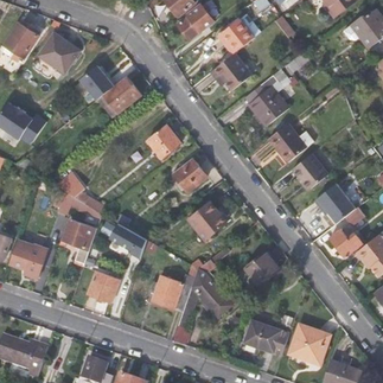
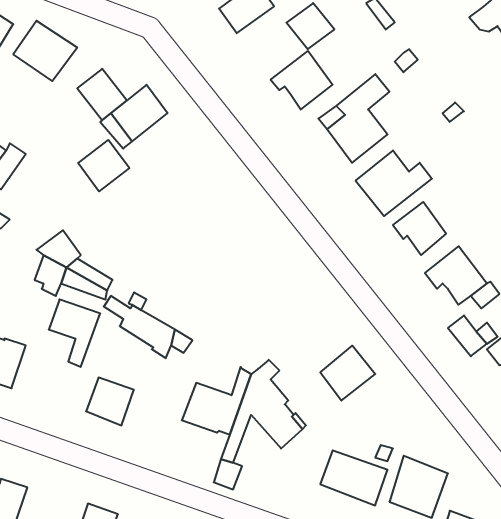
building: [146,123,180,158] -> [78,140,129,191]
building: [173,158,206,191] -> none
building: [186,199,226,240] -> none

